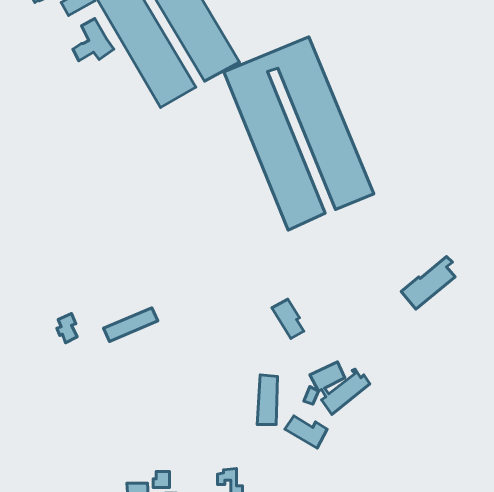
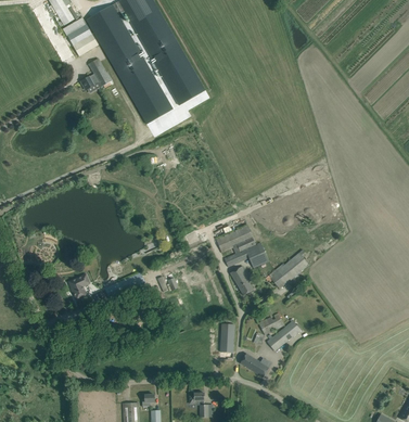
building: [224,37,374,230] -> none
building: none -> [216,226,269,267]
building: [401,256,455,309] -> [269,248,309,287]

